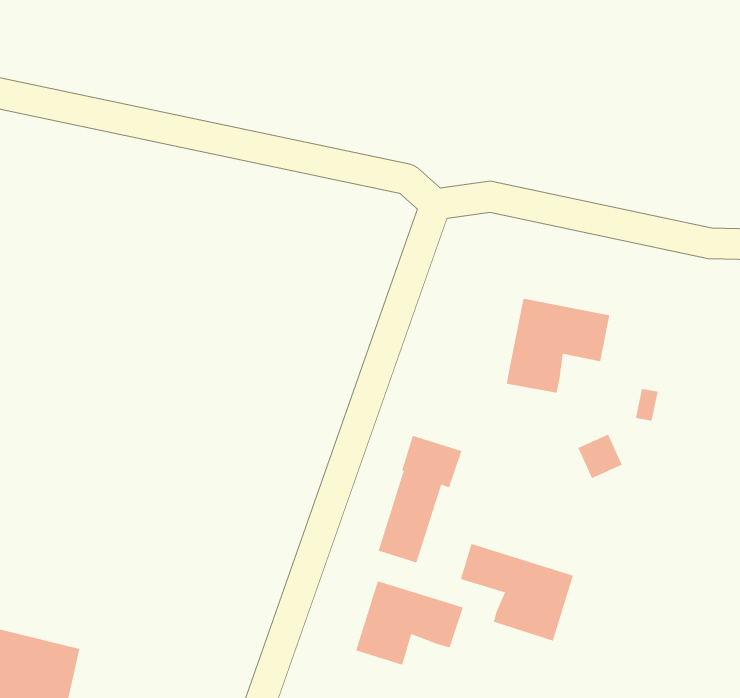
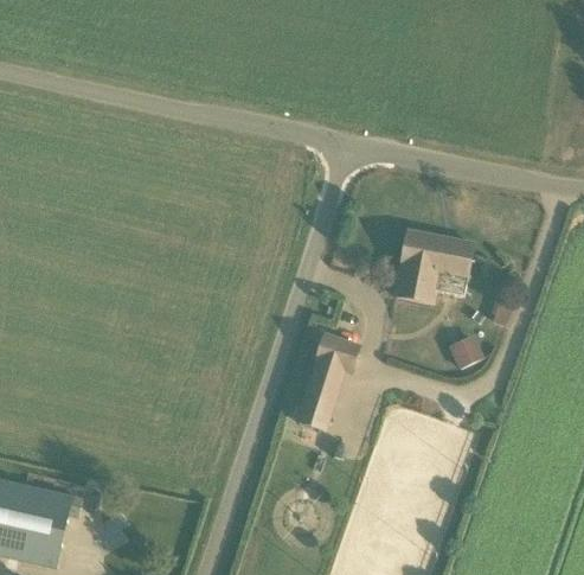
building: [460,543,574,642] -> none
building: [356,580,464,665] -> none

